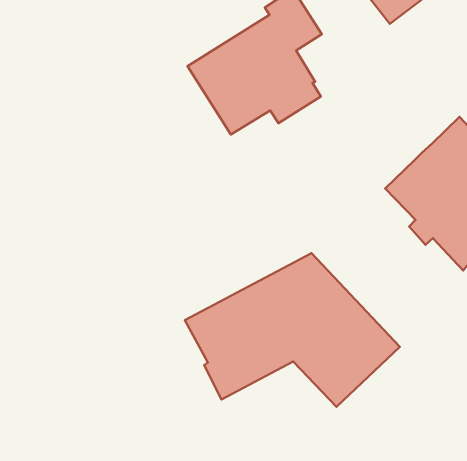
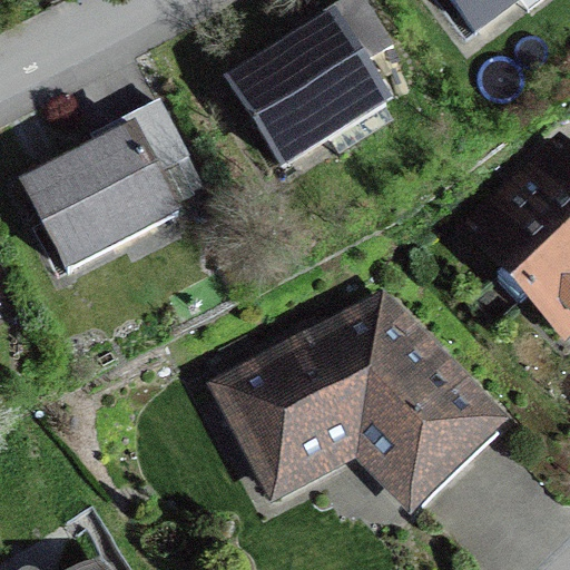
building: none -> [24,98,188,266]

